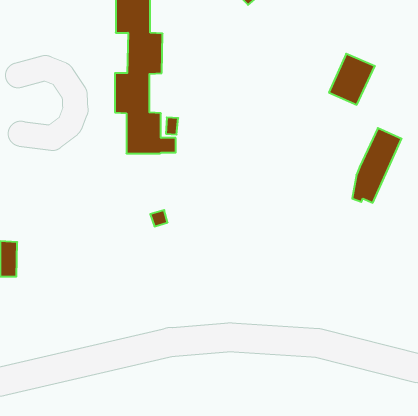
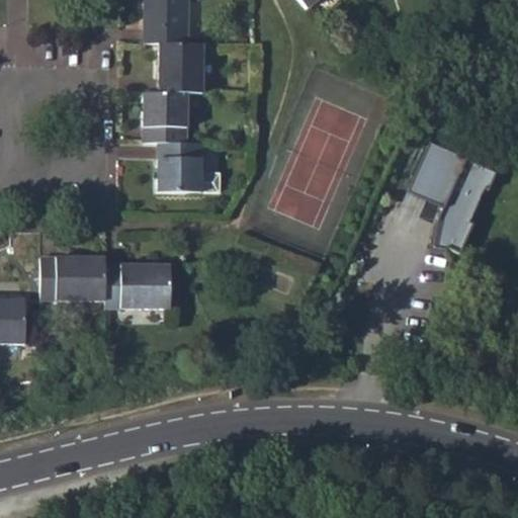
building: [329,54,375,105] -> [411,143,467,205]
building: none -> [40,256,169,307]

